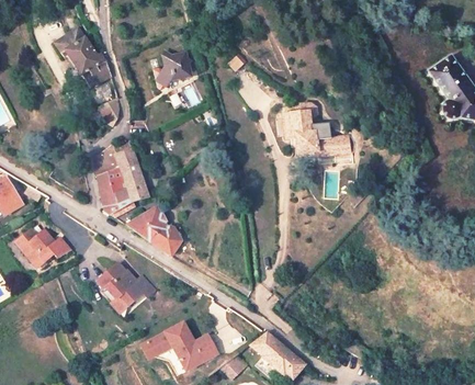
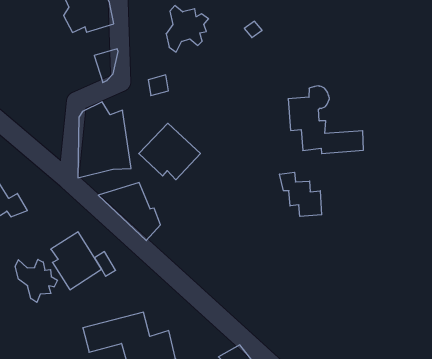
building: none -> [139,123,200,180]
building: none -> [280,172,322,216]
building: none -> [15,259,57,302]

